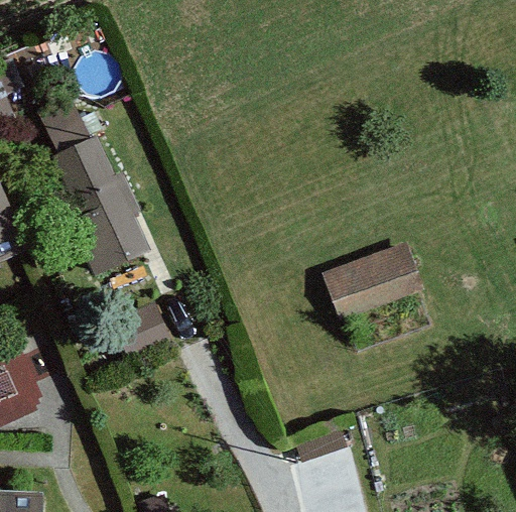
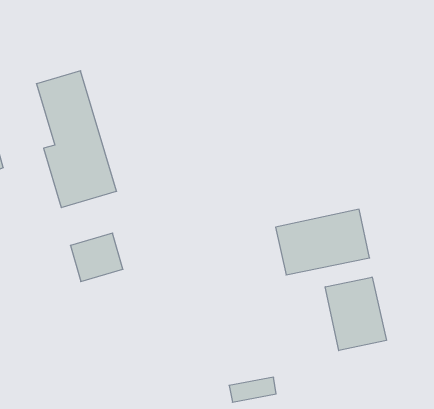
building: none -> [325,277,386,351]

